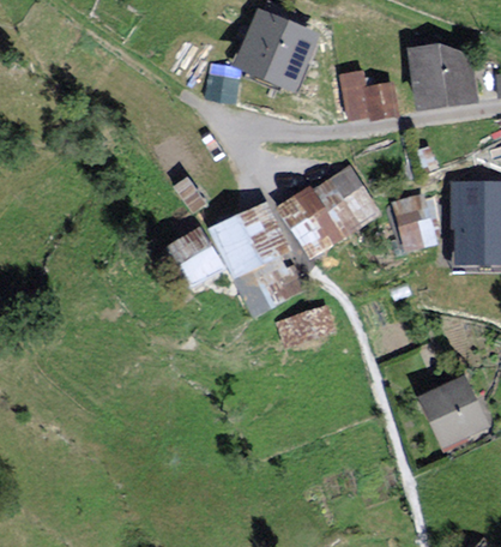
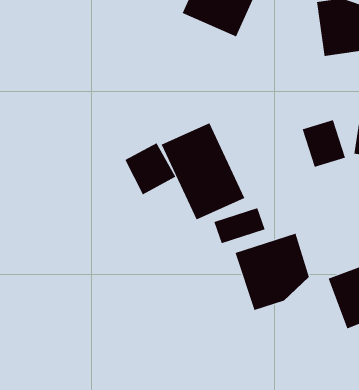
building: [340,68,403,120] -> none
building: [278,162,381,259] -> none
building: none -> [235,233,310,311]

